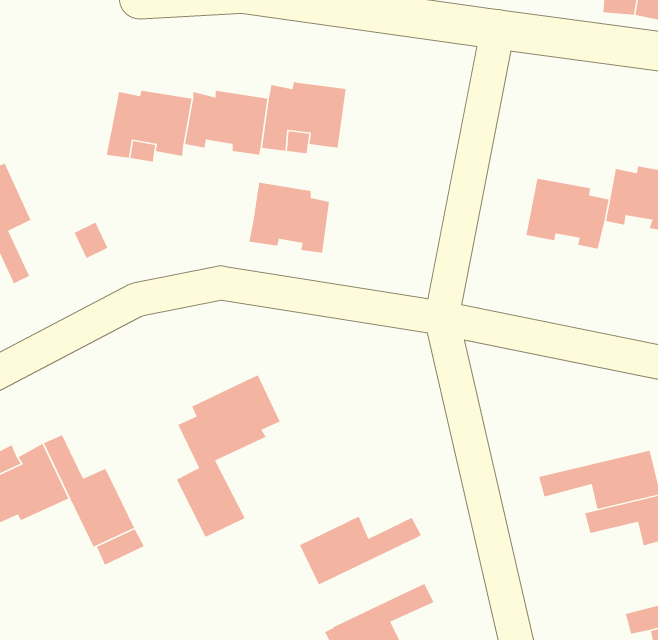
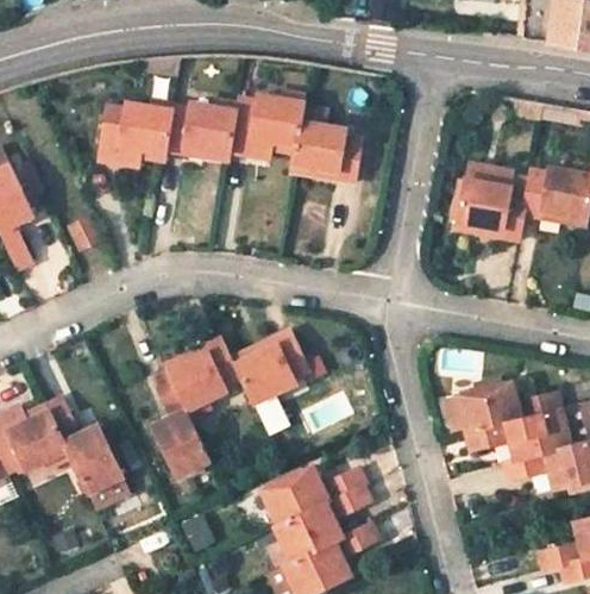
building: [249,182,330,253] -> [290,121,359,182]
building: none -> [232,329,308,401]
building: none -> [441,382,559,432]
building: none -> [274,484,369,561]

